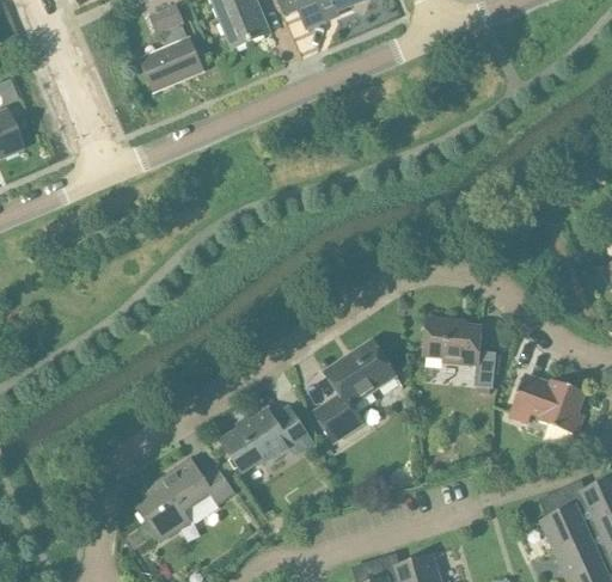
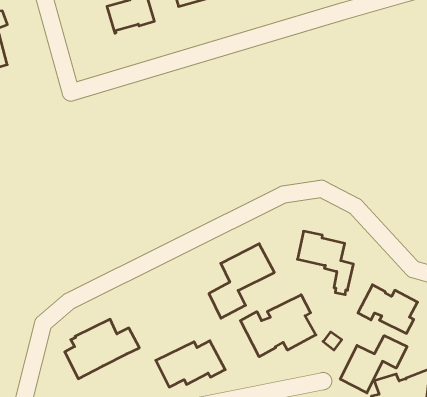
building: none -> [240,295,316,357]
building: [220,405,311,471] -> [156,341,225,387]
building: none -> [340,336,407,393]

